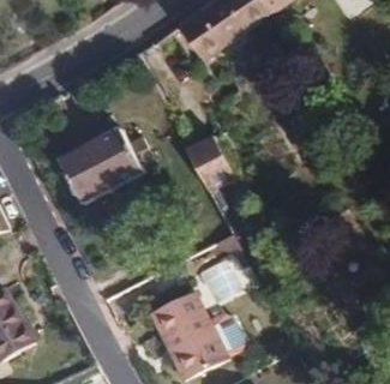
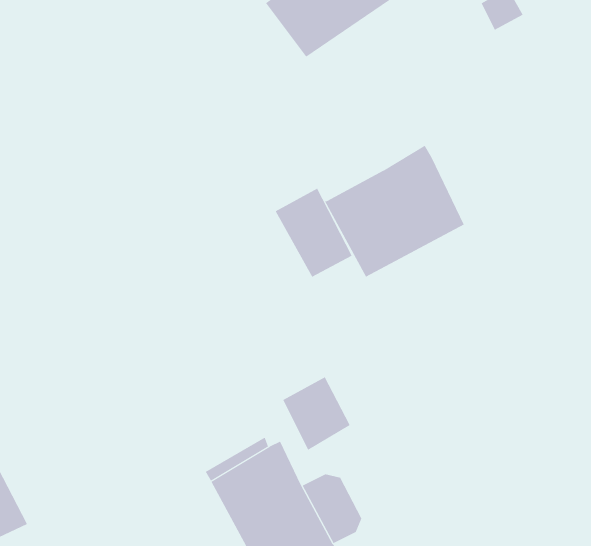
building: none -> [324,145,465,277]
building: [61,130,154,206] -> none

